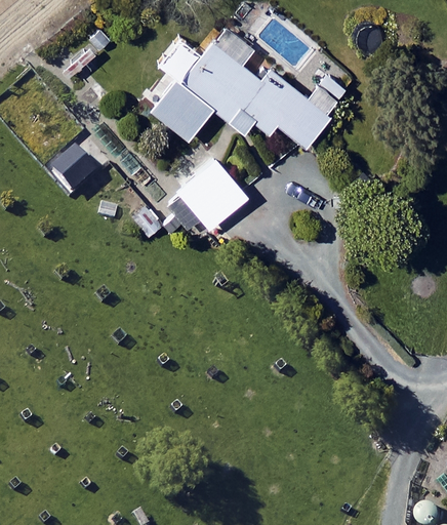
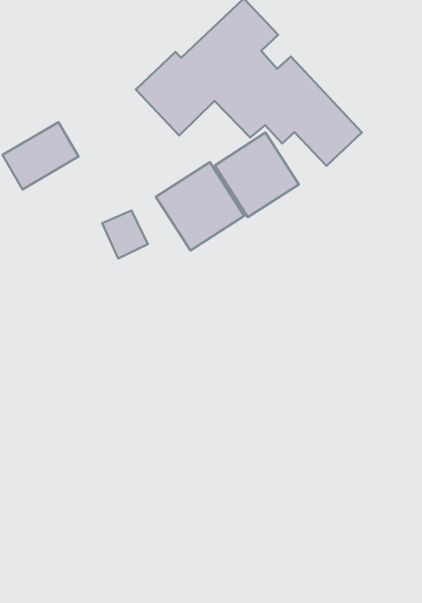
building: none -> [215,133,299,217]

